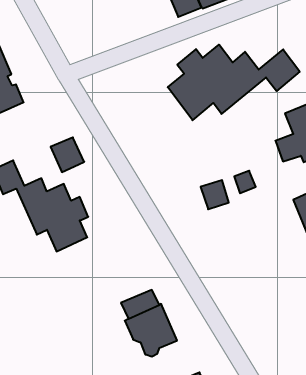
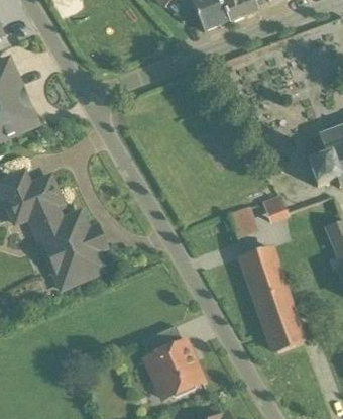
building: [168,45,300,120] -> none
building: [51,137,84,172] -> [25,175,62,212]
building: none -> [241,245,302,351]

